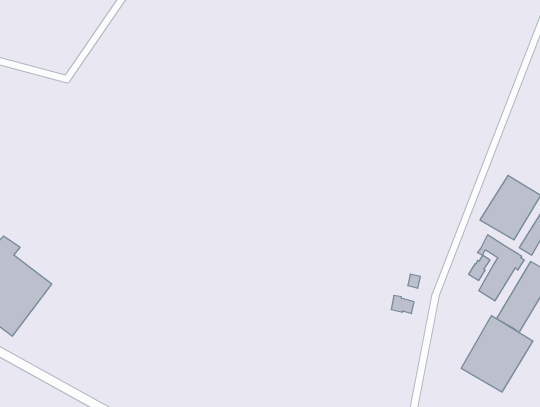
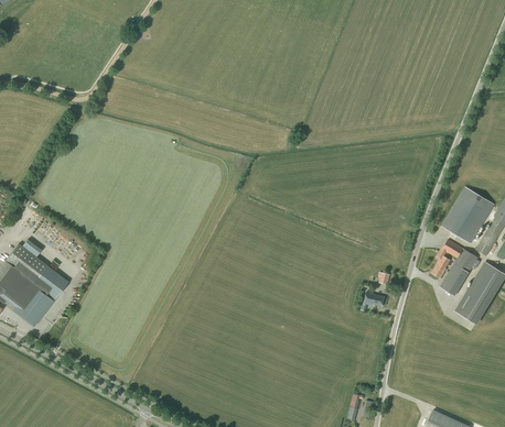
building: [461,316,533,392] -> none

